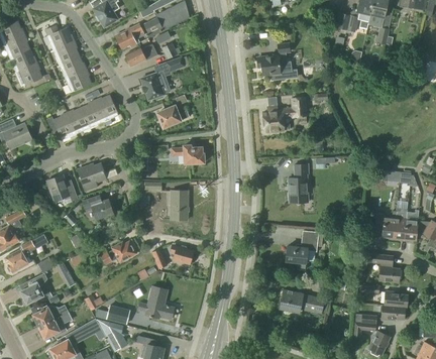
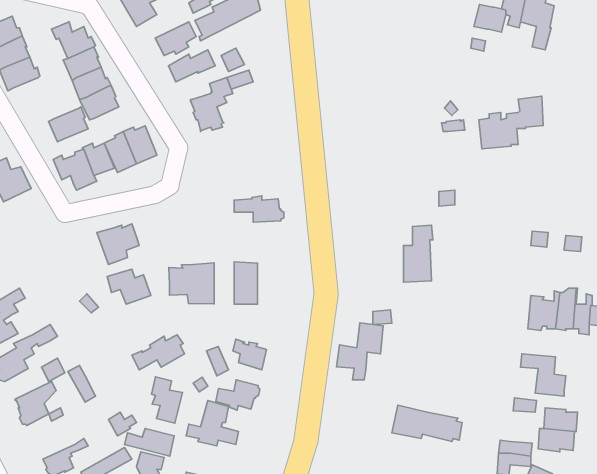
building: [257,41,299,80] -> none
building: [15,62,42,86] -> [49,107,88,142]
building: [263,96,308,132] -> [479,96,543,149]
building: [157,105,190,127] -> none
building: [47,174,83,203] -> none
building: none -> [169,263,214,304]
building: [287,230,319,269] -> [337,323,383,380]
building: none -> [152,377,183,423]
building: none -> [216,380,260,410]
building: [33,304,69,326] -> none

